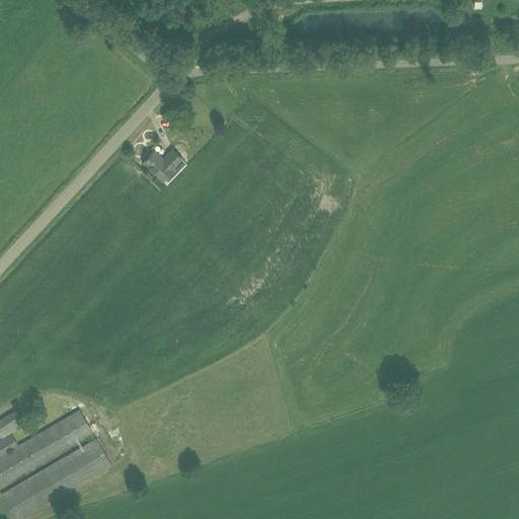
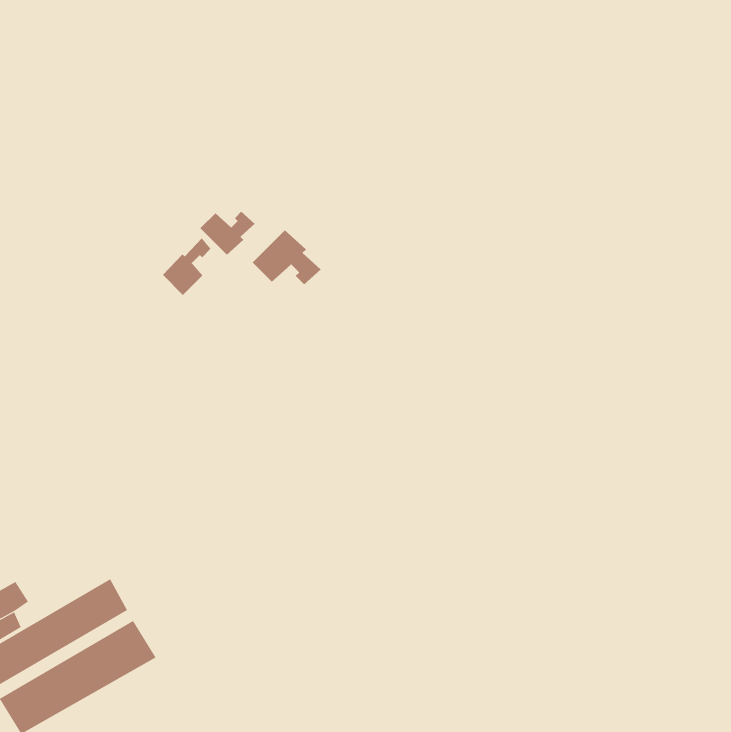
building: none -> [252,229,322,285]
building: none -> [162,238,211,296]

